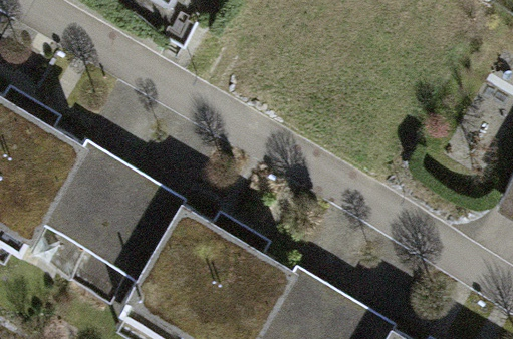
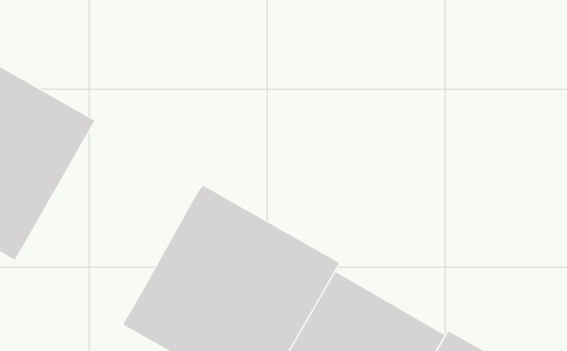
building: [36,142,174,279] -> none

